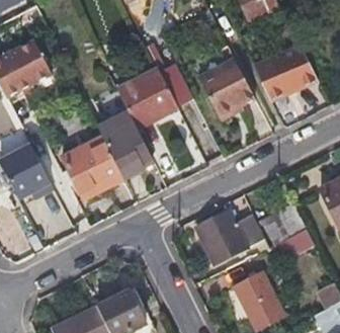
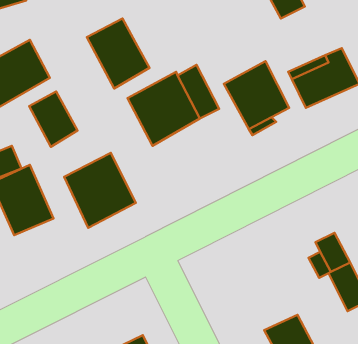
building: none -> [87,19,149,89]
building: none -> [29,91,78,147]
building: [107,133,144,177] -> none
building: [196,212,266,263] -> none

